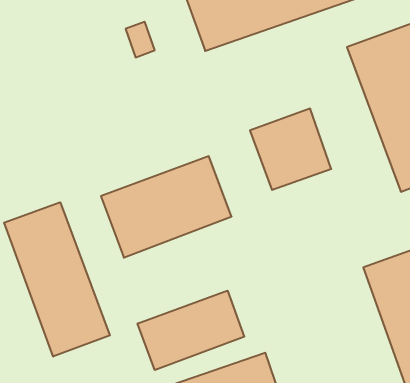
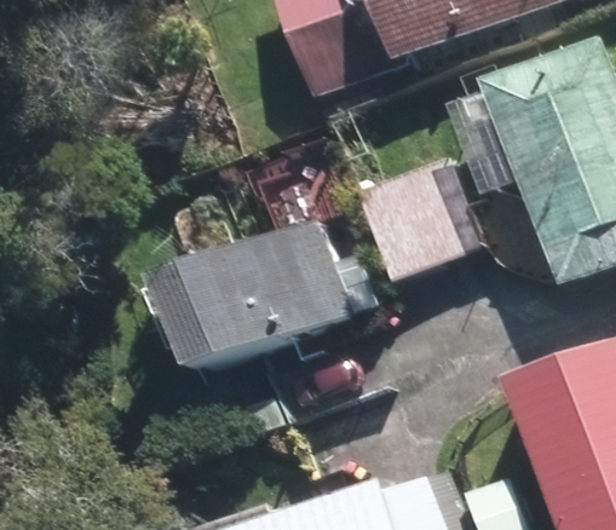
building: [4,202,110,357] -> none
building: [138,291,244,370] -> none

